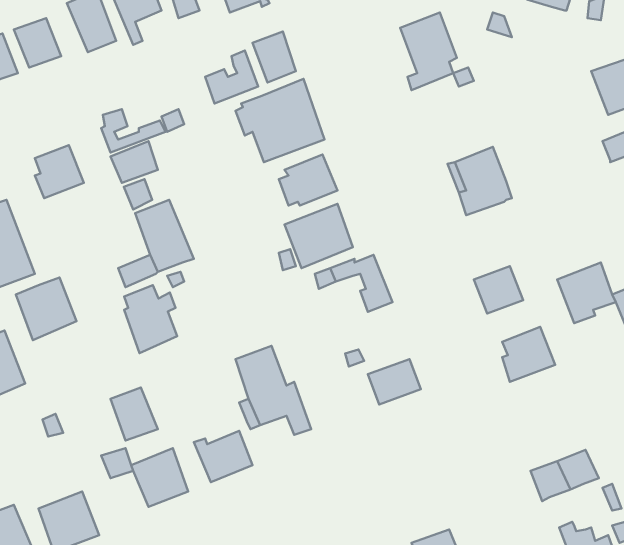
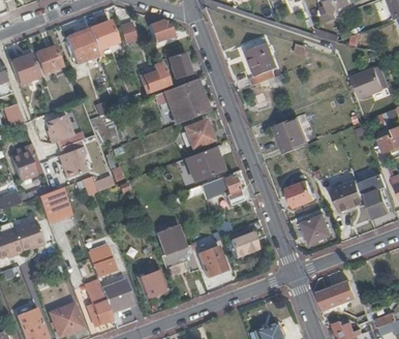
building: [124,285,177,353] -> [61,141,90,178]
building: none -> [200,245,227,275]
building: none -> [90,291,113,323]

